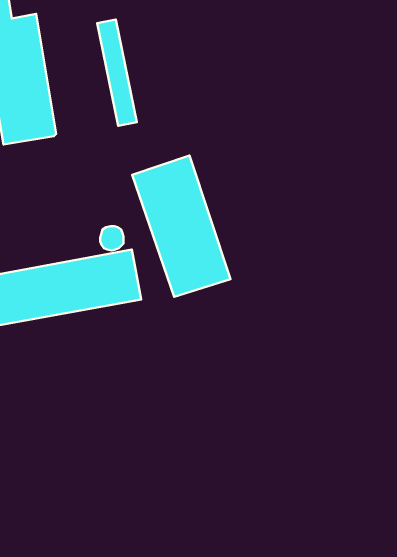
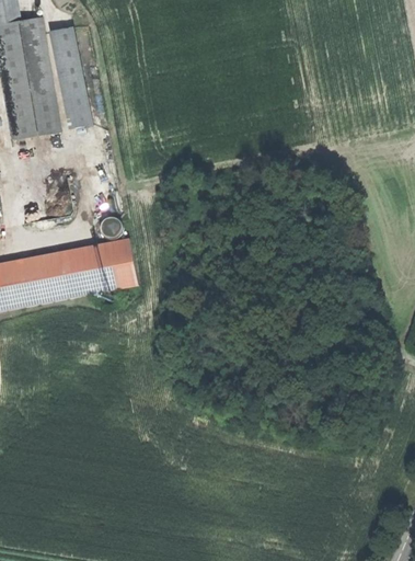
building: [97,20,137,126] -> [57,26,94,126]
building: [132,156,231,297] -> none

